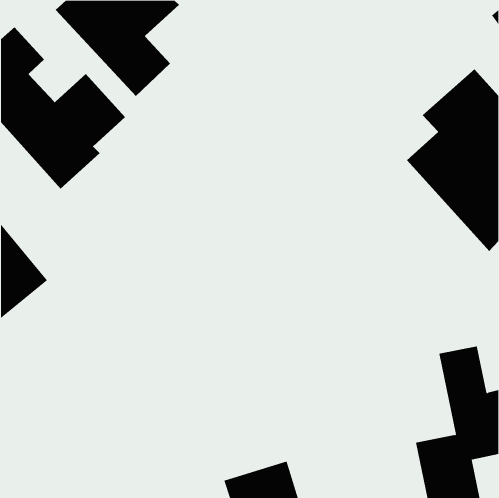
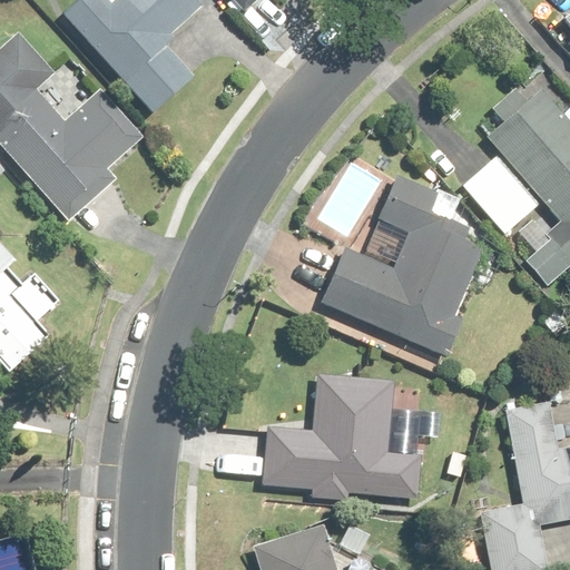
building: none -> [316,171,497,357]
building: none -> [258,373,424,499]

